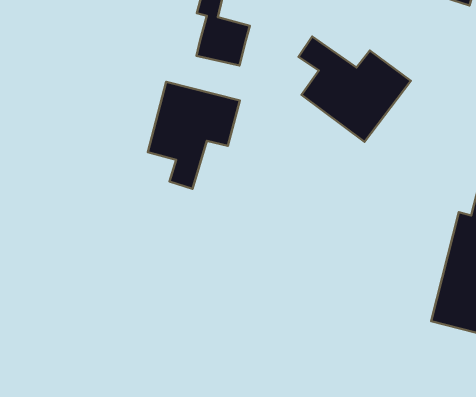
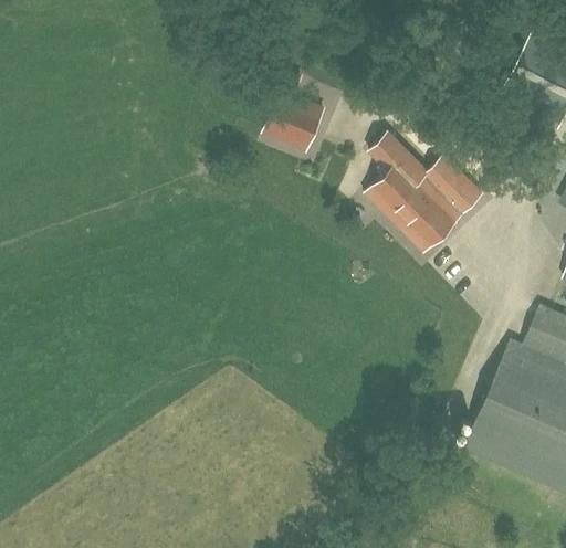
building: [148,82,240,189] -> none

